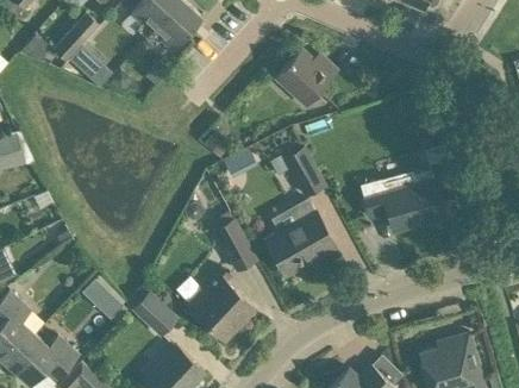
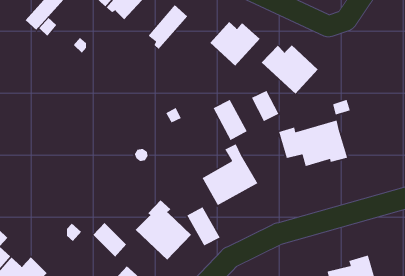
building: none -> [147,4,188,50]
building: none -> [261,45,318,94]
building: none -> [251,90,280,122]
building: [214,221,256,270] -> [186,206,221,247]

